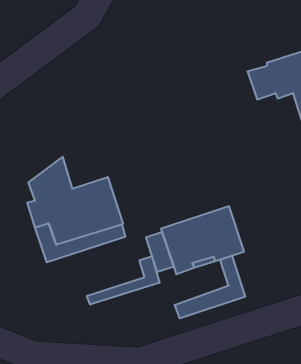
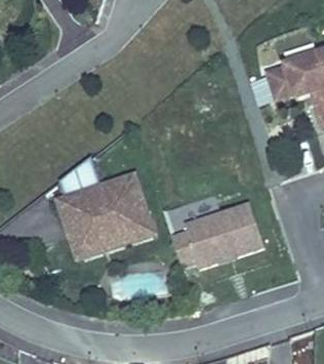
building: [175,256,245,318] -> none
building: [87,256,160,305] -> none

